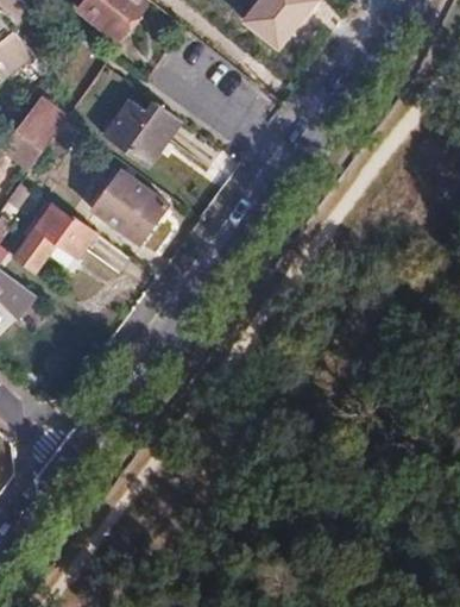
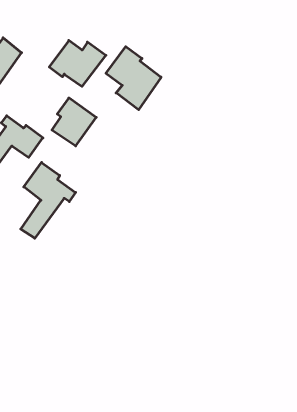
building: none -> [106,47,161,110]
building: none -> [21,162,76,238]

